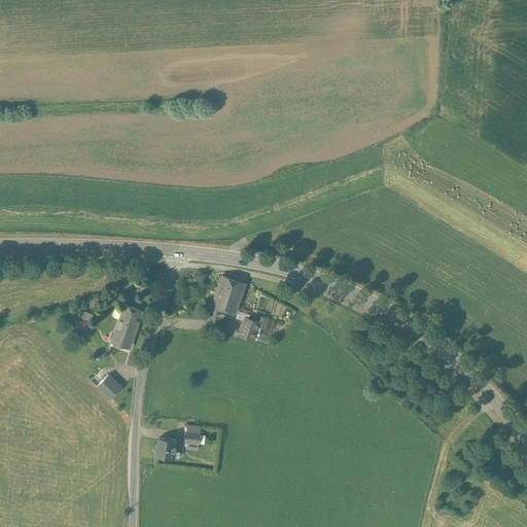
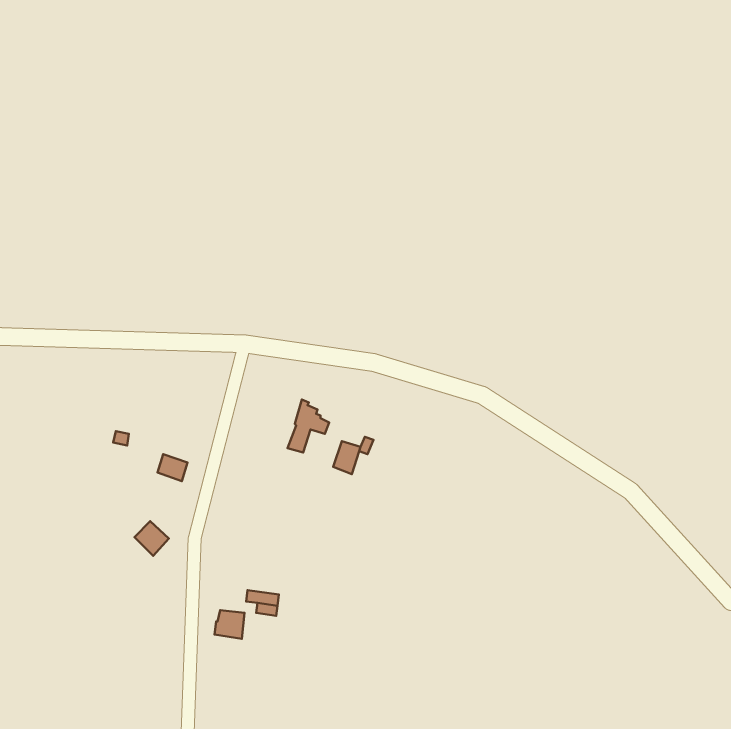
building: [217,276,244,306] -> none
building: [117,306,142,335] -> none

